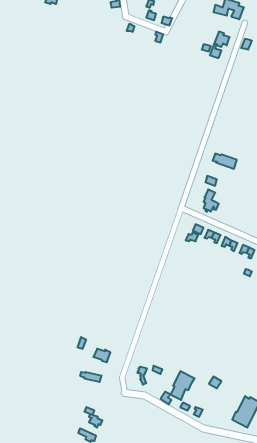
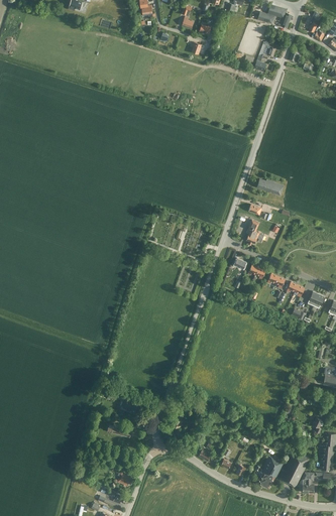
building: [170,371,195,400] -> [257,456,285,488]

